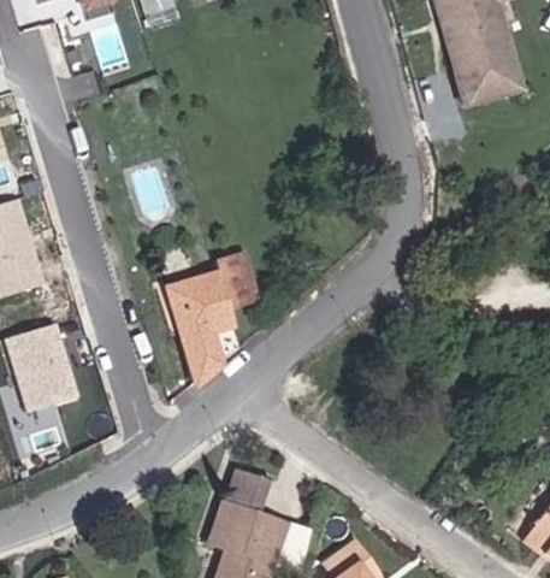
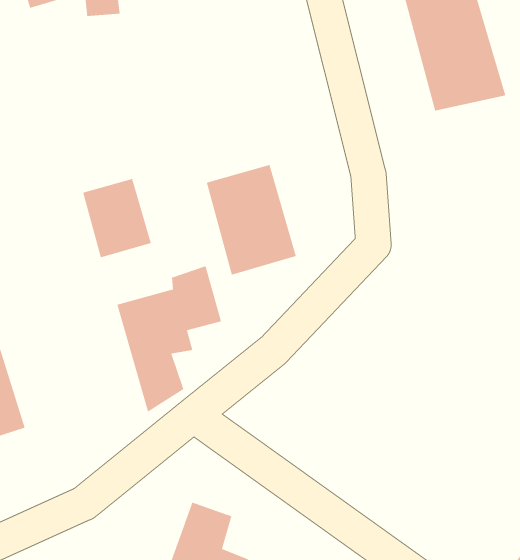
building: none -> [206,164,297,275]
building: none -> [83,178,151,258]

